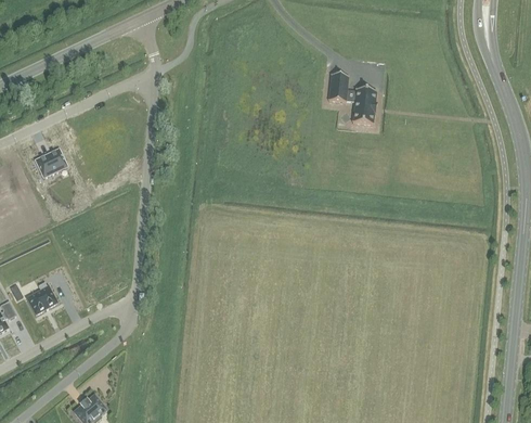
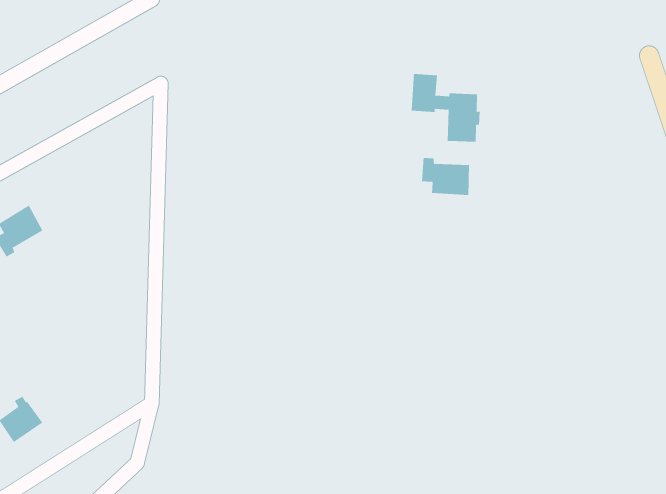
building: none -> [422,157,470,196]

